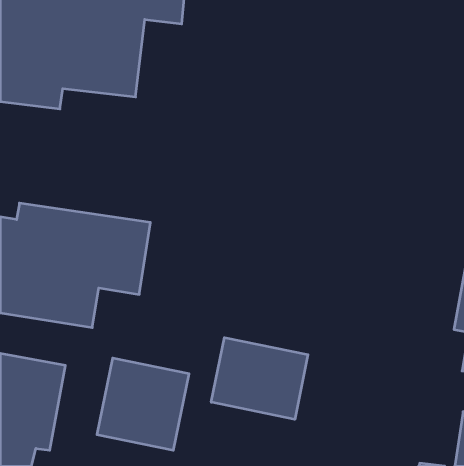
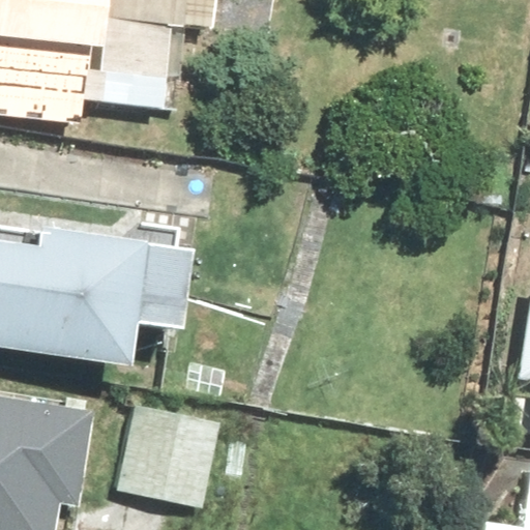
building: [211,338,308,419] -> none

